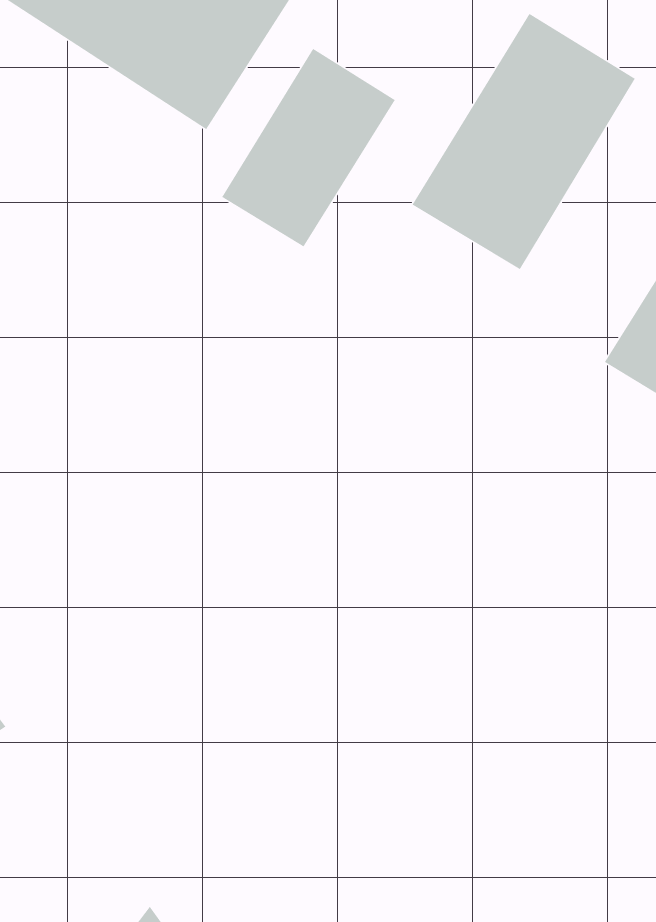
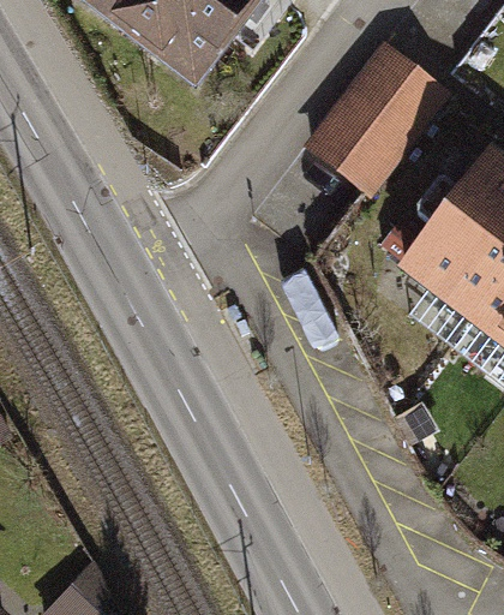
building: [221,48,396,248] -> none

